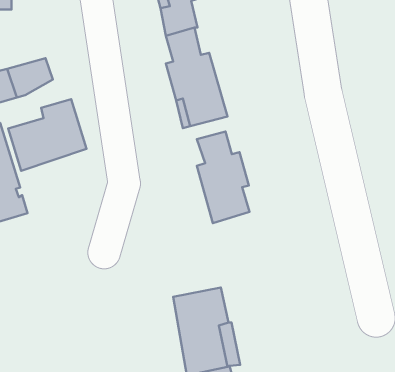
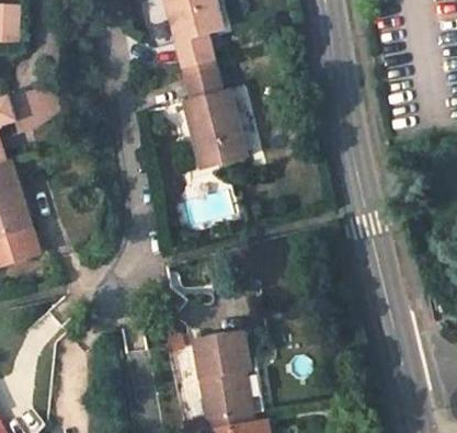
building: [8,99,87,171] -> none
building: [197,131,250,223] -> none

